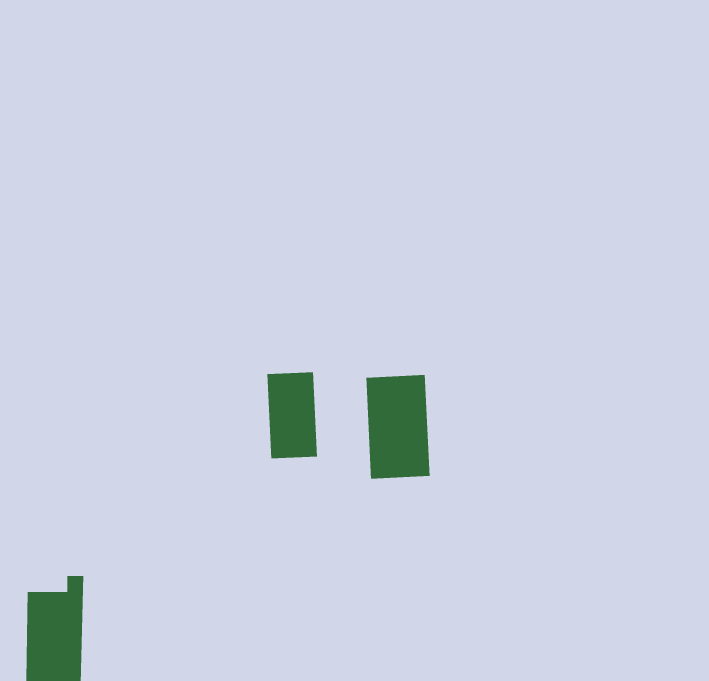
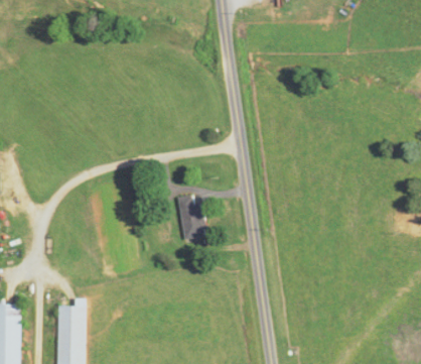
building: [366,374,430,479] -> none

